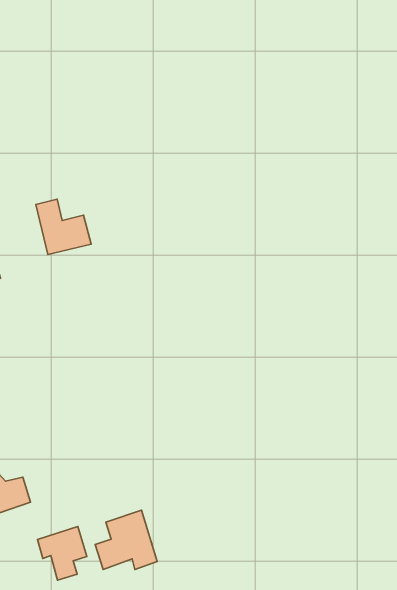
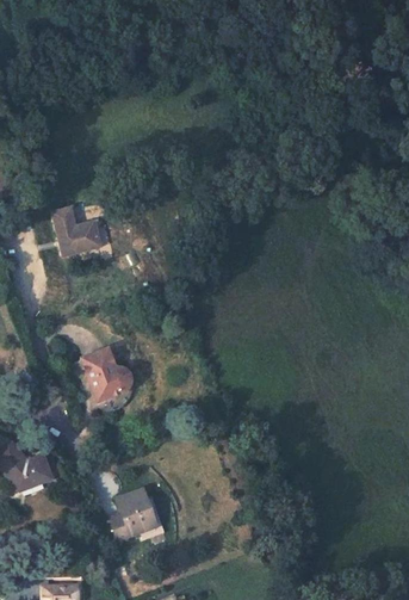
building: none -> [86,351,129,400]
building: [38,526,87,580] -> none

